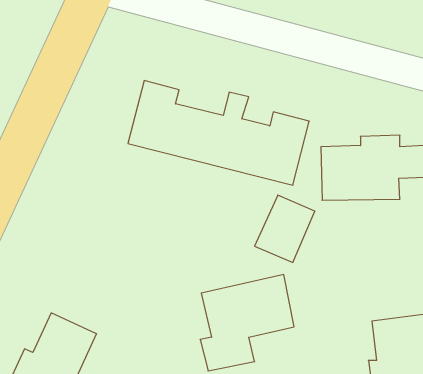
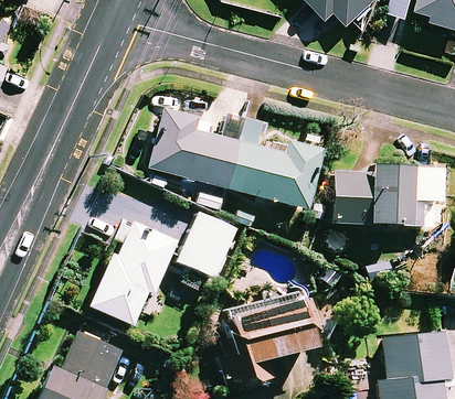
building: [255,195,315,262] -> [180,214,237,278]
building: none -> [92,220,177,325]

